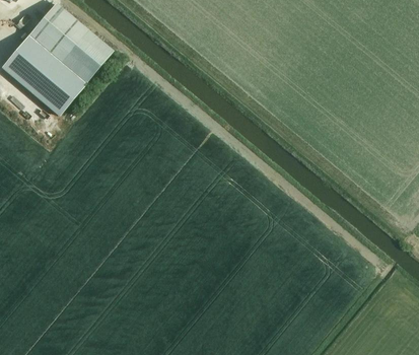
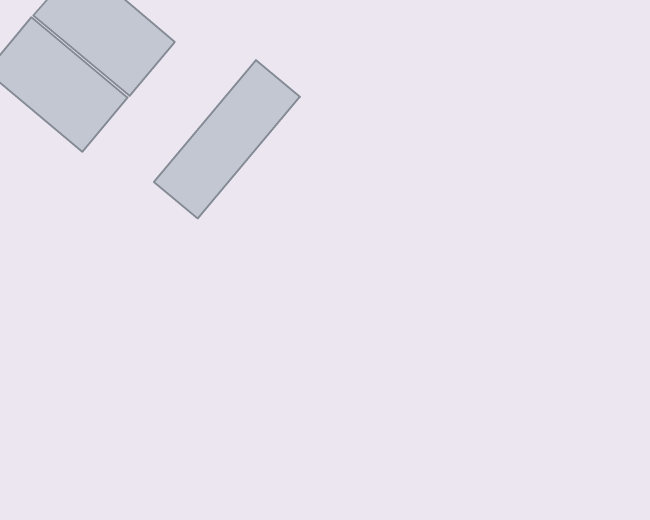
building: none -> [154,60,300,218]

